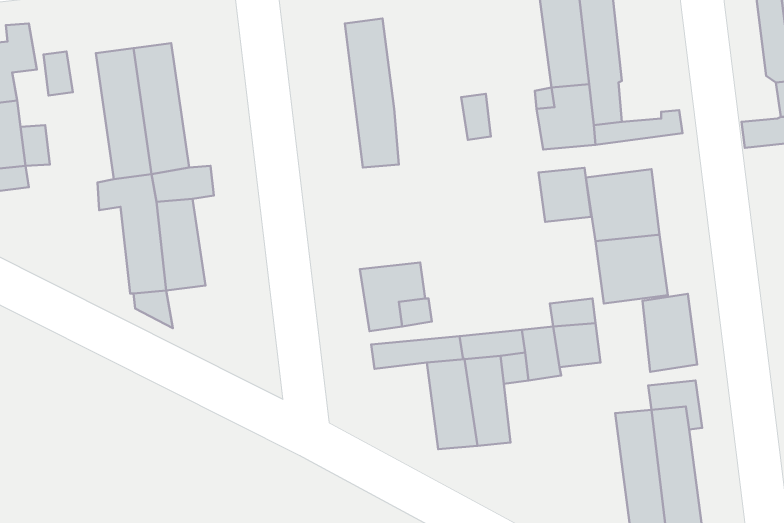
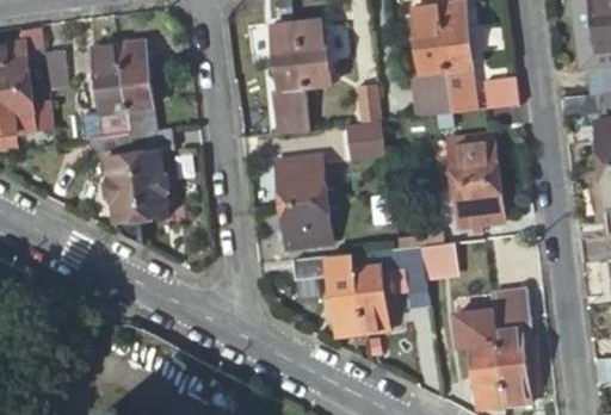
building: none -> [297,20,329,88]
building: [539,168,591,222] -> [345,122,383,161]
building: none -> [274,156,325,205]
building: [643,294,697,372] -> none

